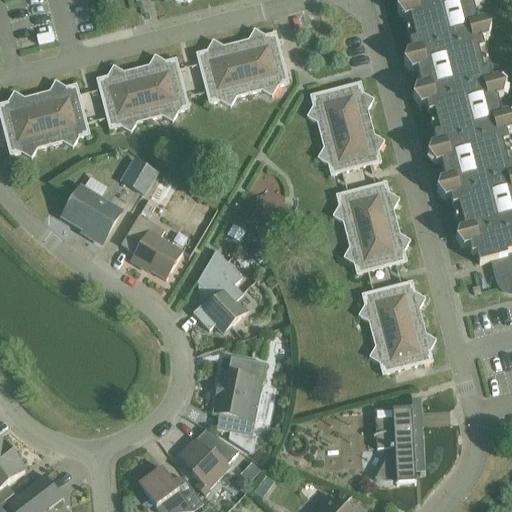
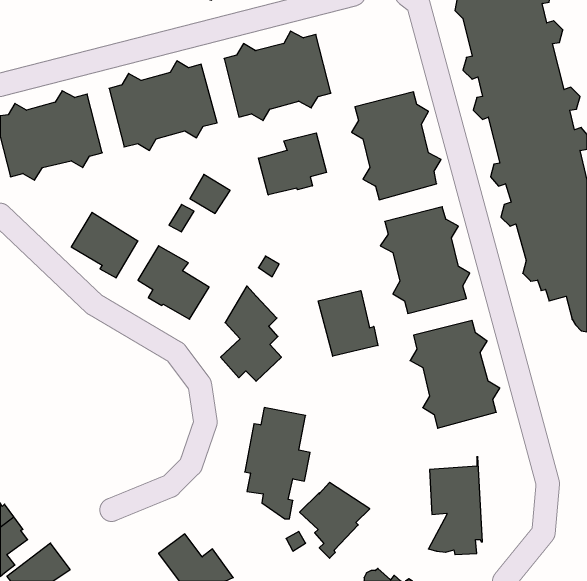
building: none -> [258,133,327,195]
building: [121,158,156,192] -> [190,174,230,213]
building: none -> [318,291,378,356]
building: [178,428,239,494] -> [300,482,370,558]

